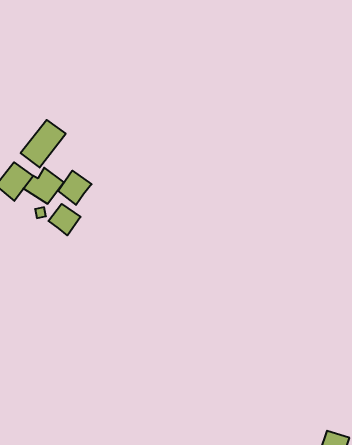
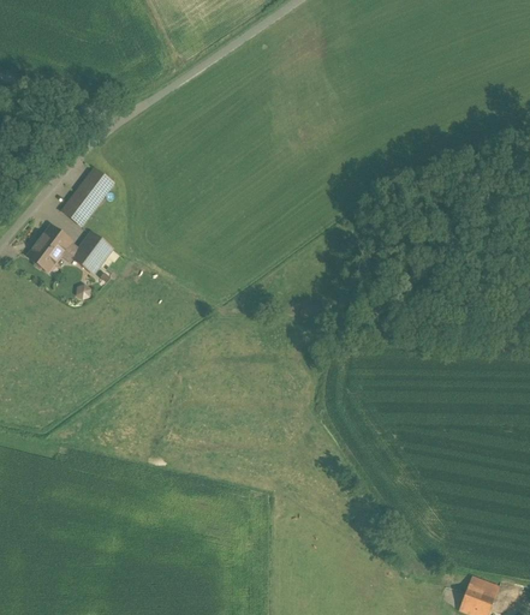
building: [58,171,92,205] -> none
building: [48,204,81,235] -> none

